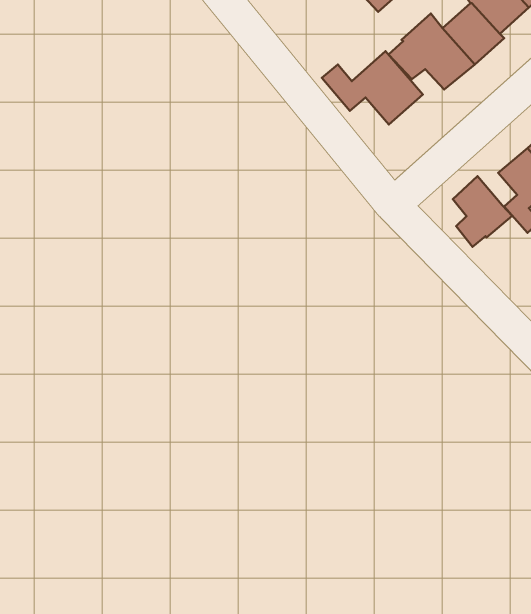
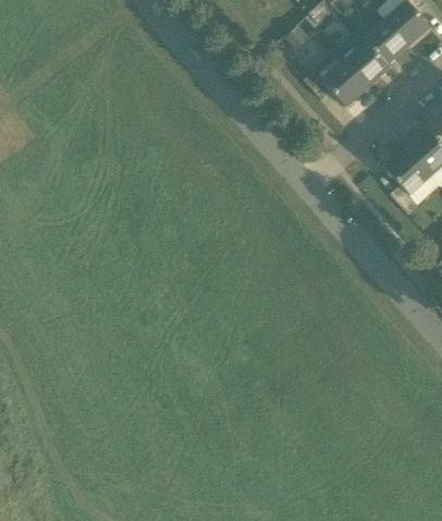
building: [322,51,423,125] -> none
building: [453,176,512,247] -> none

